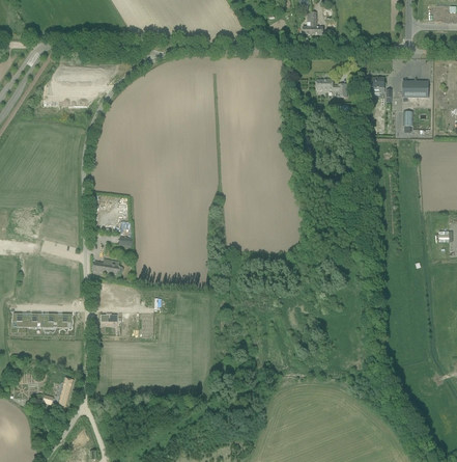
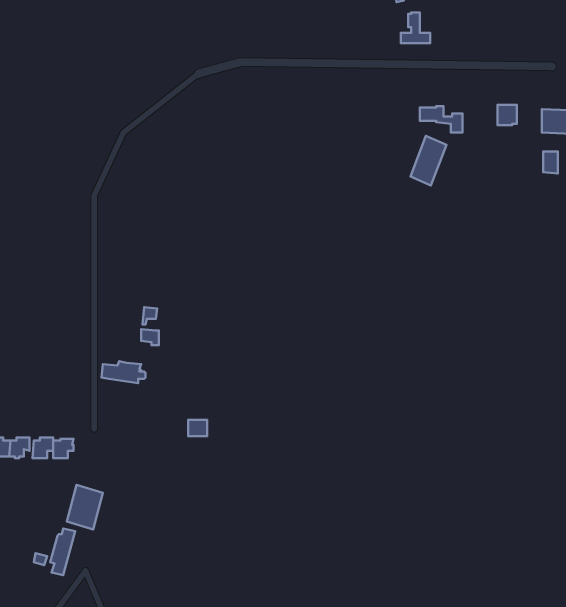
building: none -> [410,136,446,185]
building: none -> [67,485,103,530]

